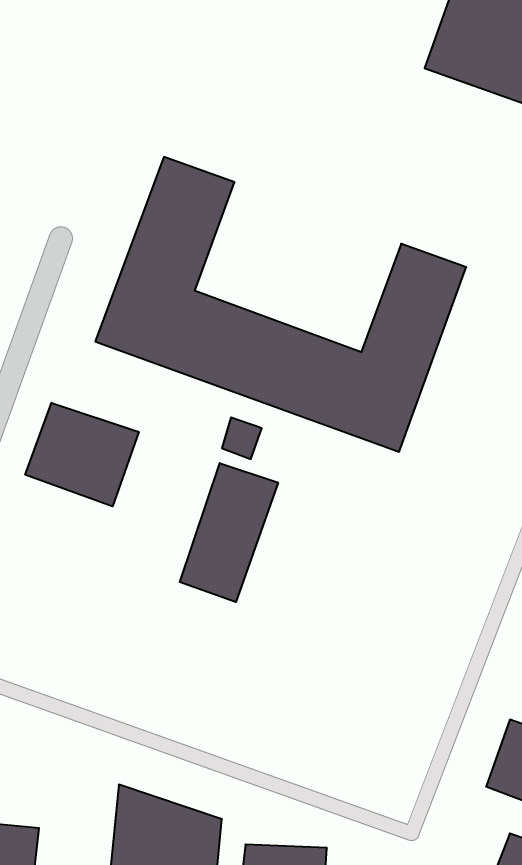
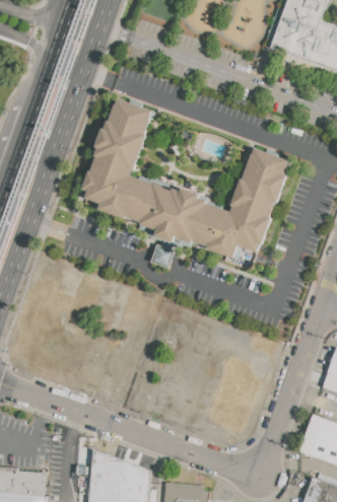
building: [25,403,139,506] -> none
building: [180,463,278,602] -> none

